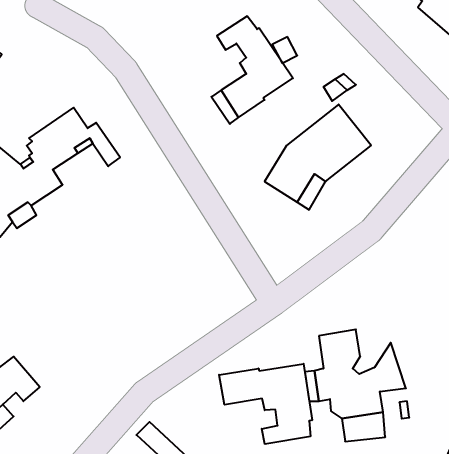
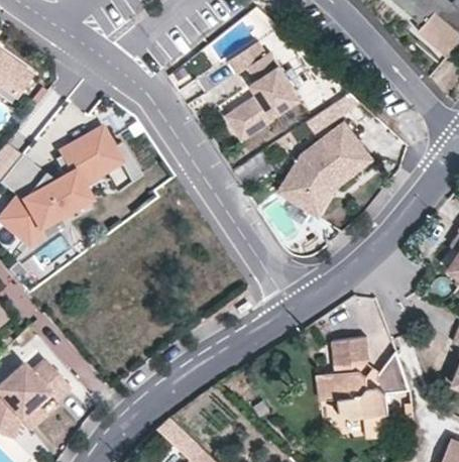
building: [219,364,312,444] -> none

